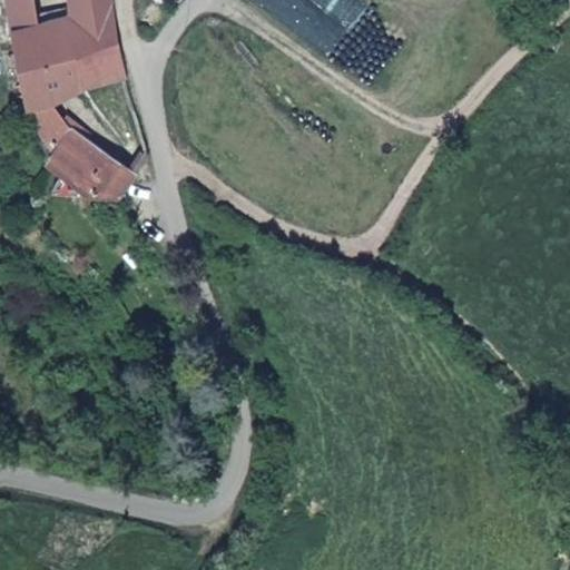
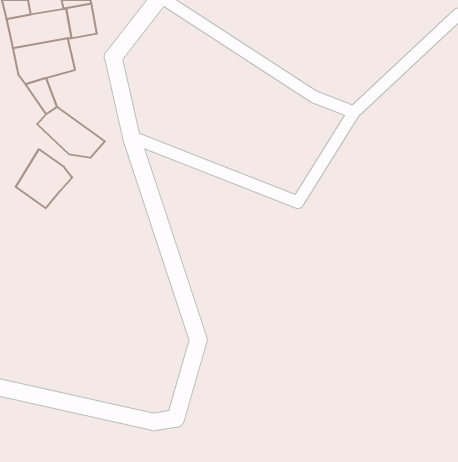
building: [83,42,128,87] -> none
building: none -> [16,149,72,208]

